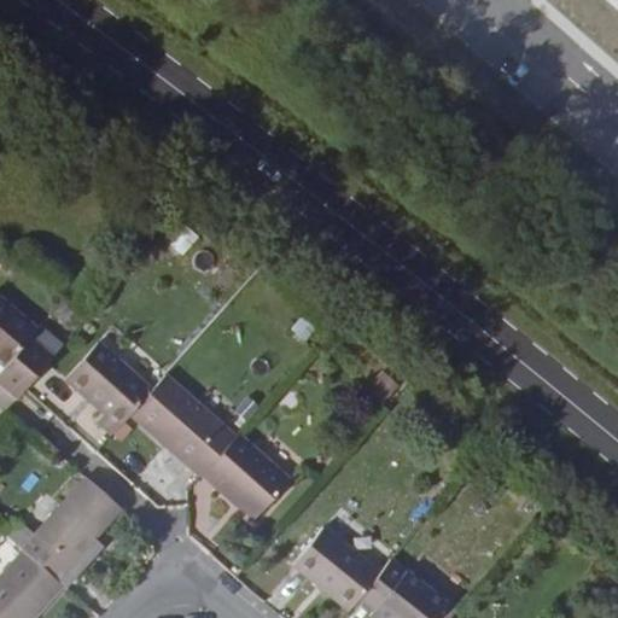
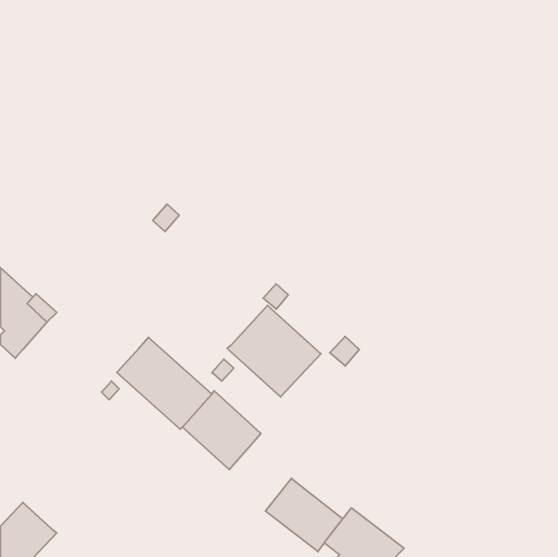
building: [64,338,153,433] -> none
building: none -> [227,305,321,397]
building: [23,483,119,585] -> none

